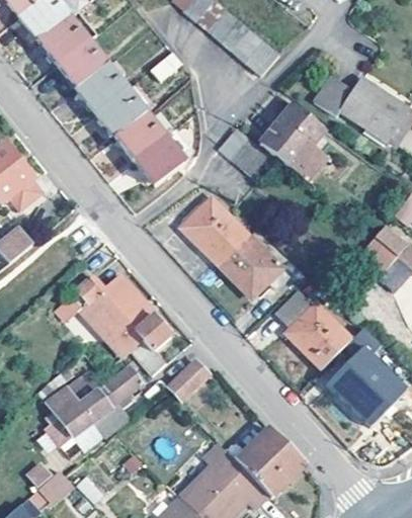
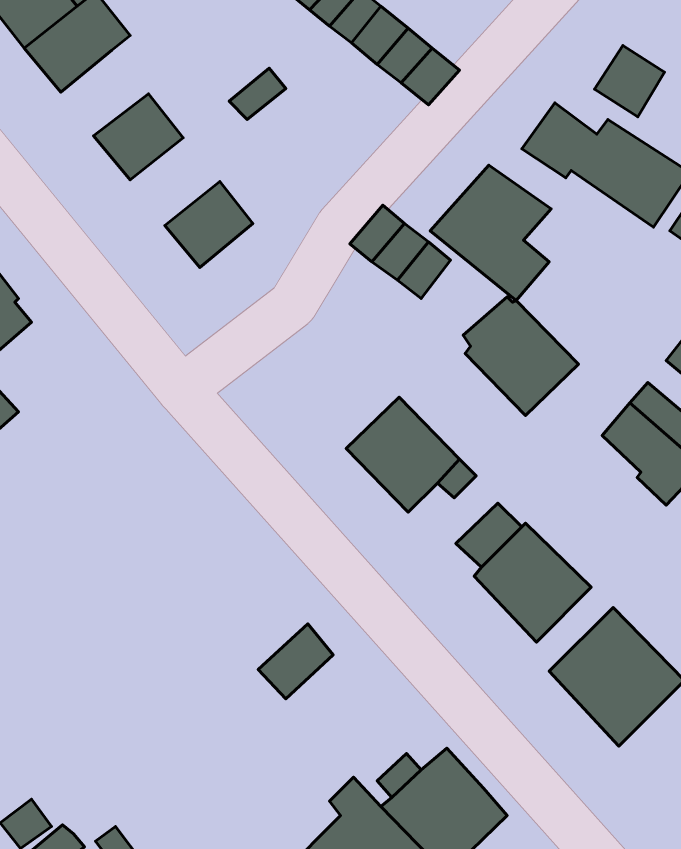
building: none -> [595,45,664,117]
building: [58,41,106,89] -> none
building: [96,82,155,139] -> none
building: [135,128,193,186] -> none
building: [181,196,245,262] -> [463,297,578,415]
building: [71,276,170,373] -> none
building: [47,365,142,450] -> none

